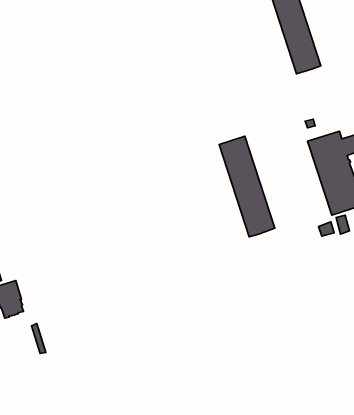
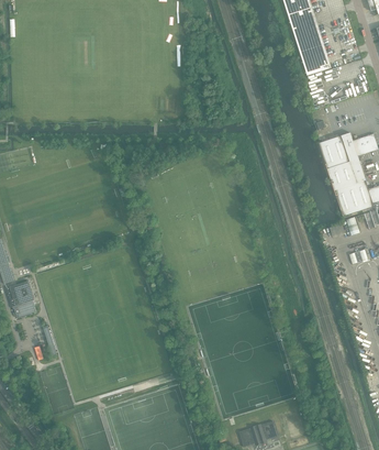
building: [219,136,275,237] -> none

